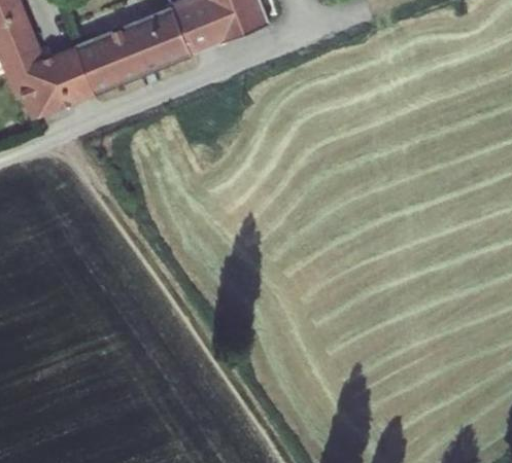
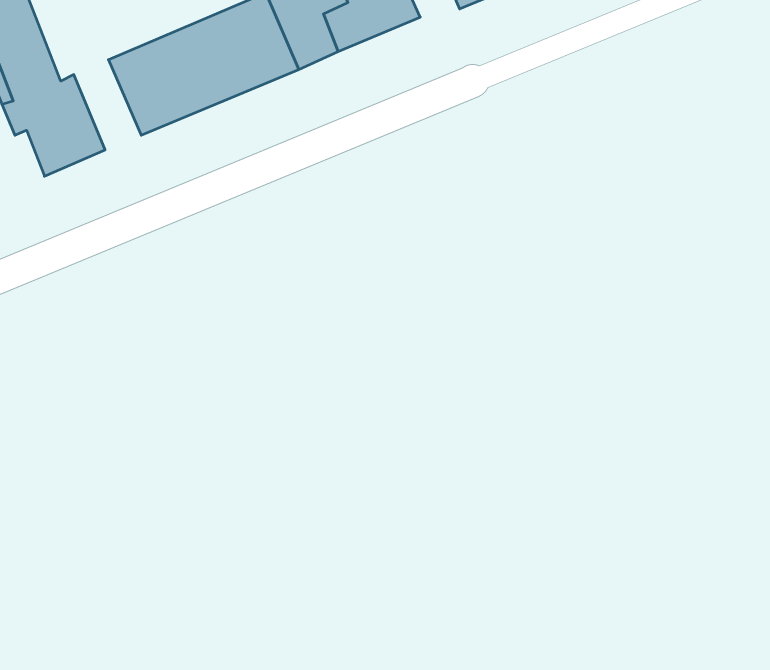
building: [65,40,107,97] -> none

